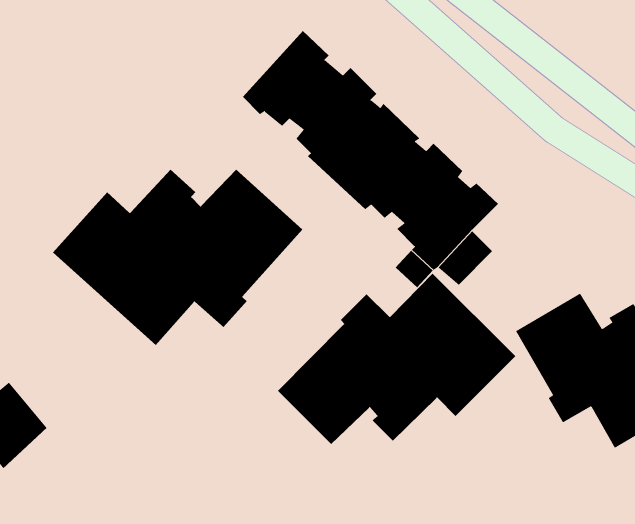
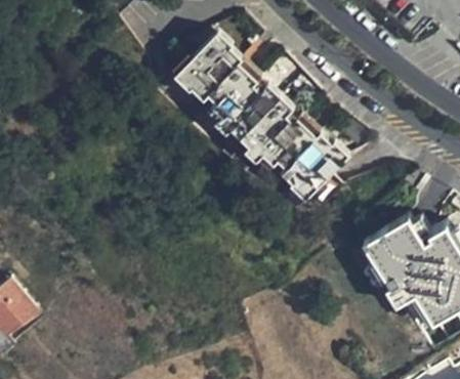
building: [52,169,303,346] -> none
building: [277,273,516,445] -> none

